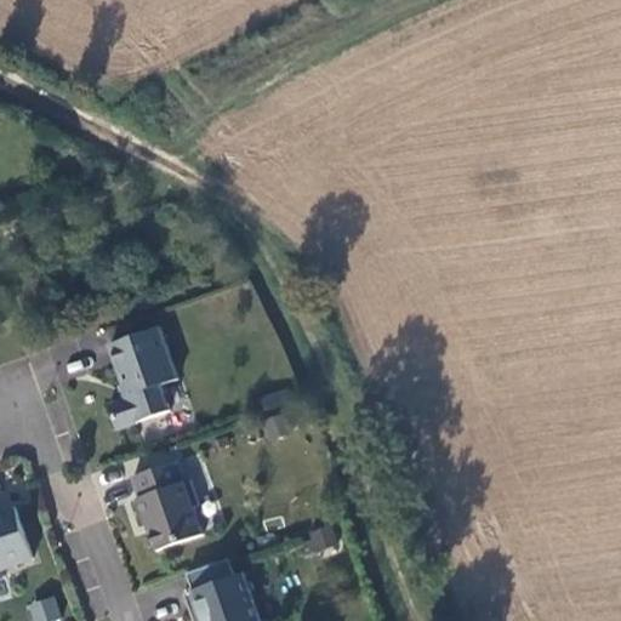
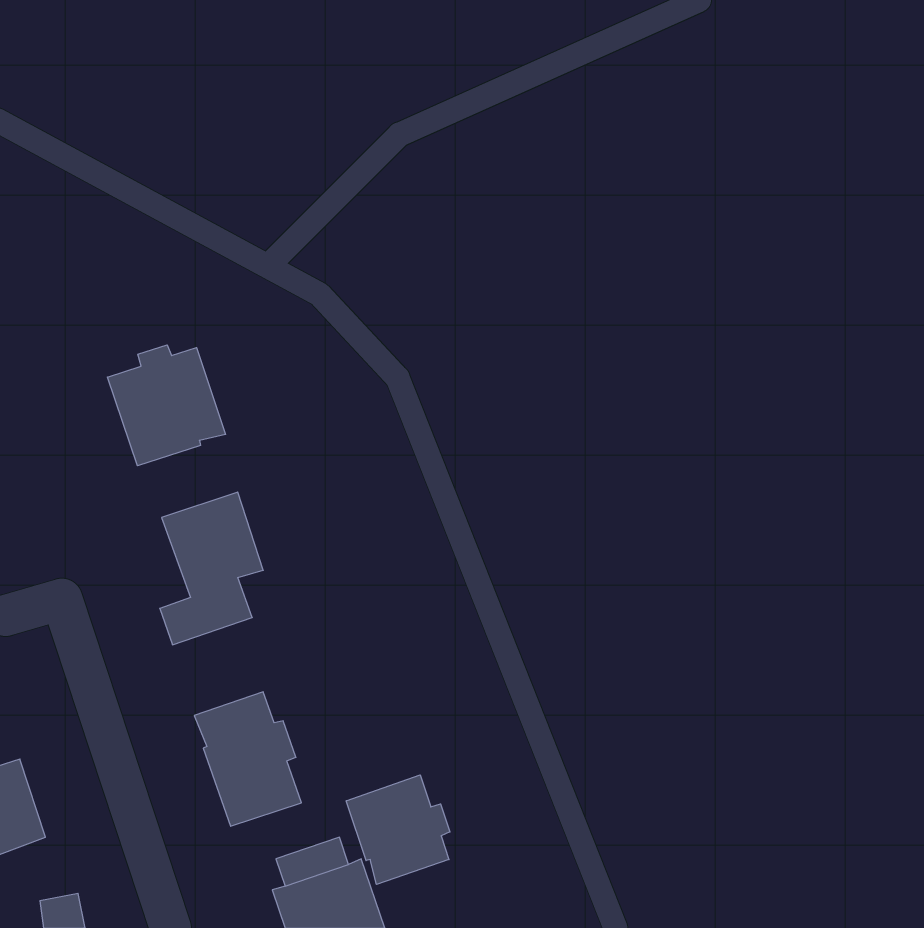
building: none -> [107,345,226,466]
building: none -> [346,775,450,884]

